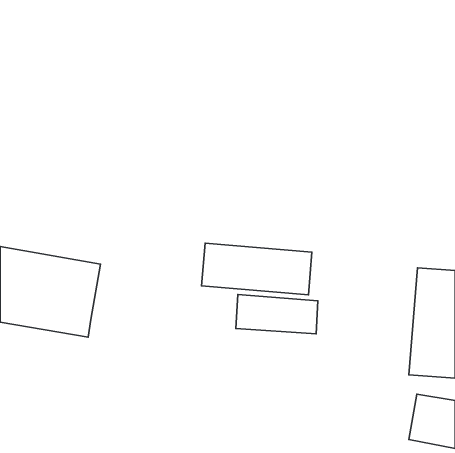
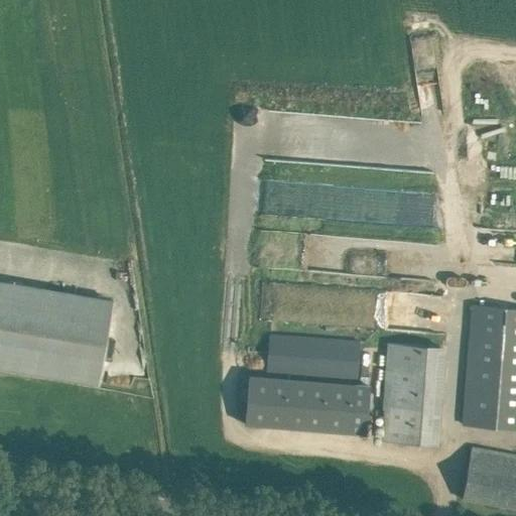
building: [202,243,312,295] -> [245,377,370,435]
building: none -> [382,345,445,446]

